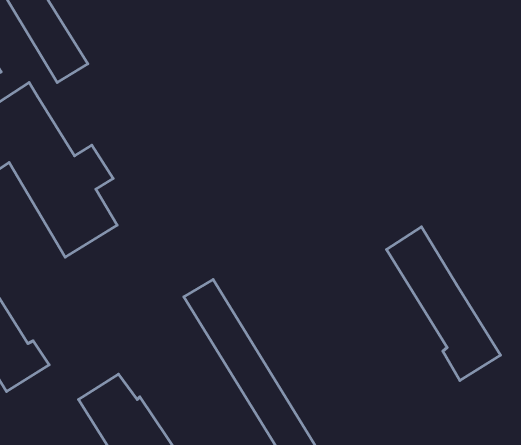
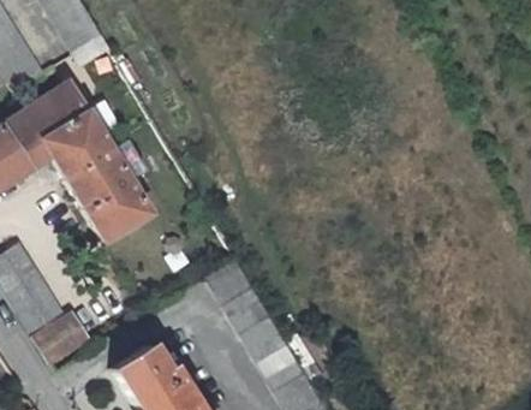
building: [387,227,500,380] -> none

